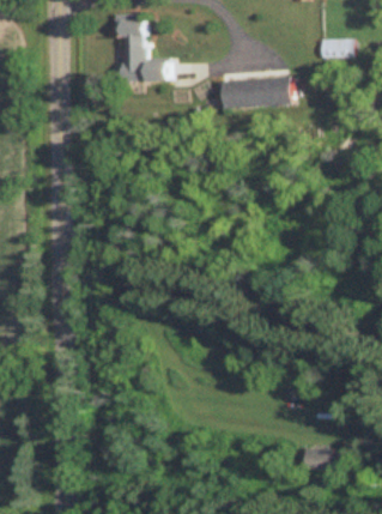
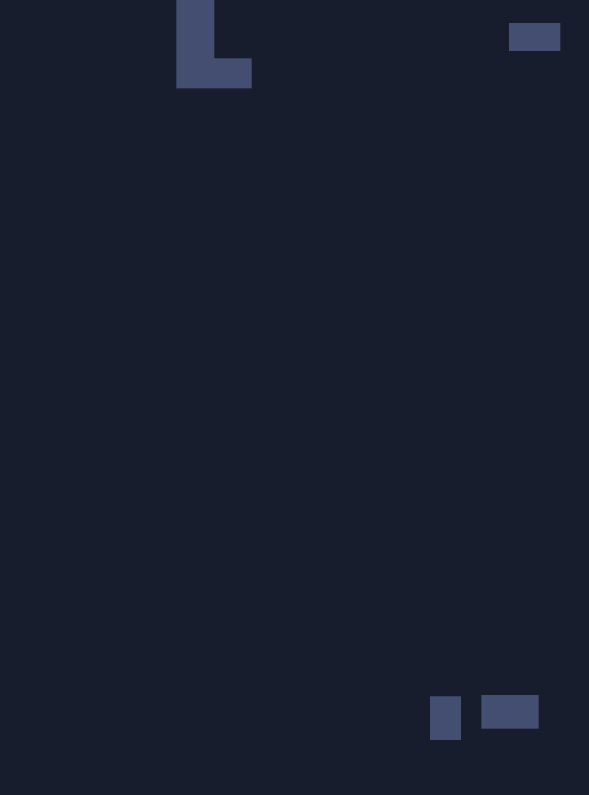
building: [219,78,289,108] -> none
building: none -> [429,696,462,741]

